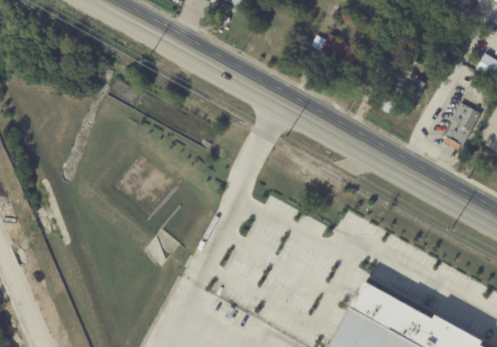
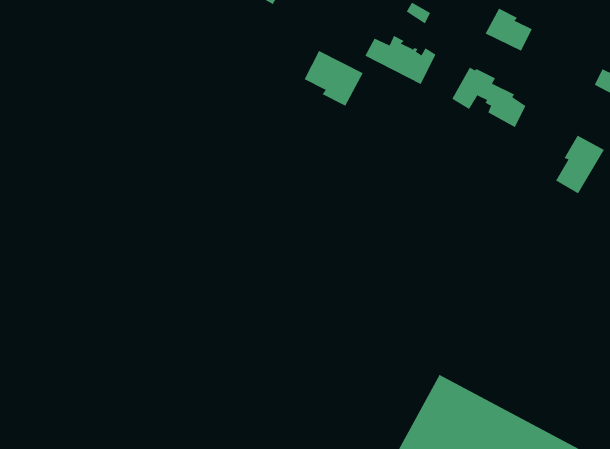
building: none -> [485,8,532,52]
building: none -> [304,50,364,106]

